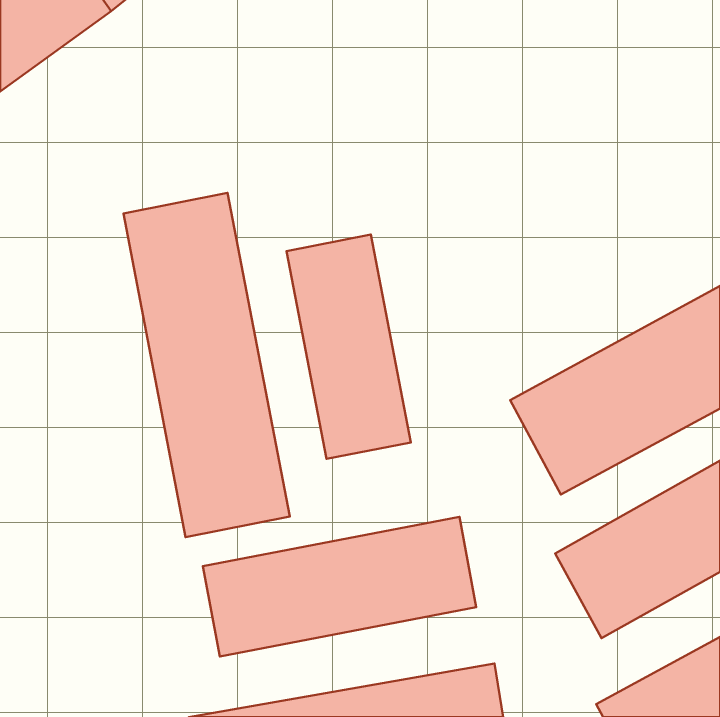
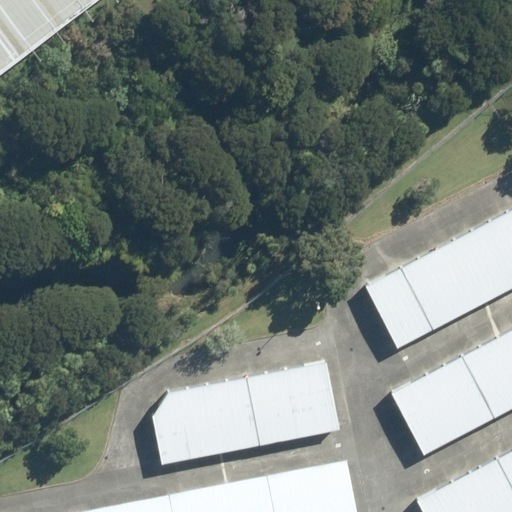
building: [123,193,290,537] -> none
building: [286,235,411,459] -> none

